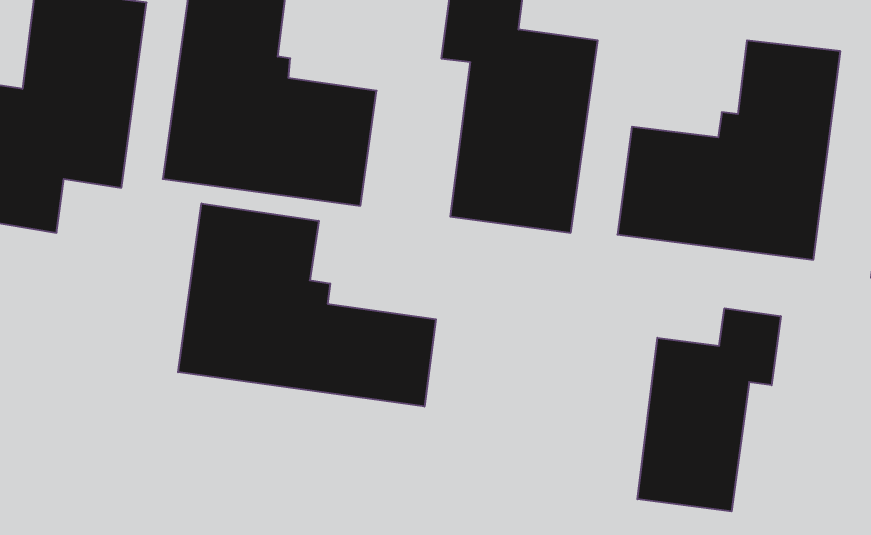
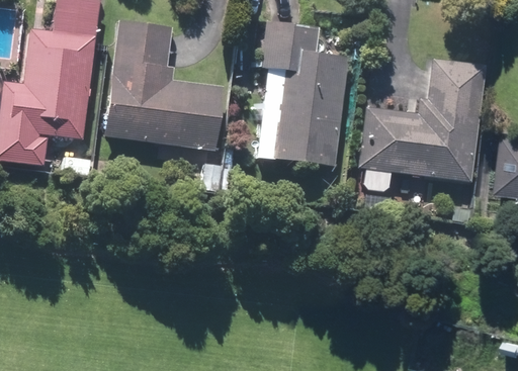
building: [178,203,436,407] -> none
building: [637,308,781,511] -> none

